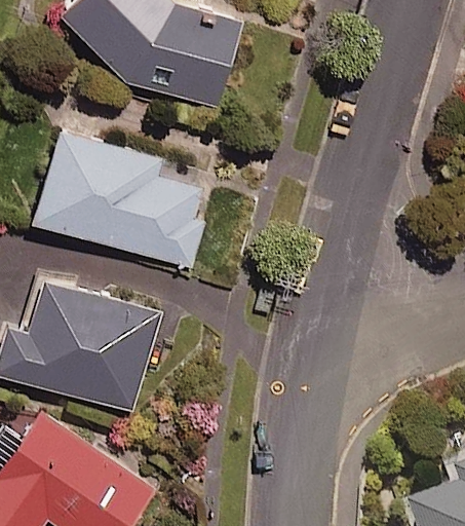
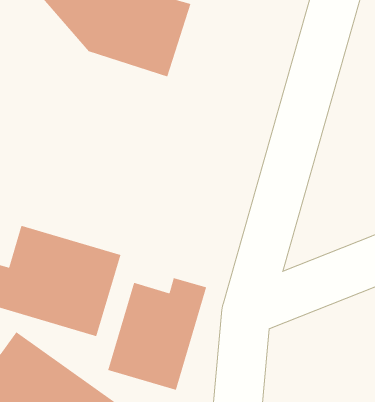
building: [31,128,214,269] -> none
building: none -> [107,277,207,391]

